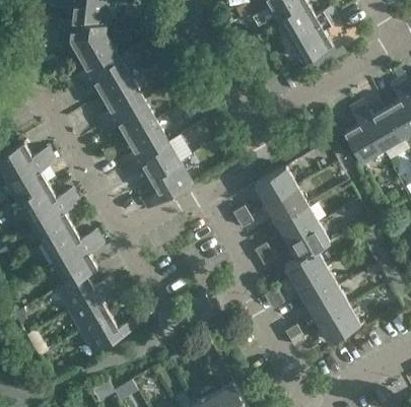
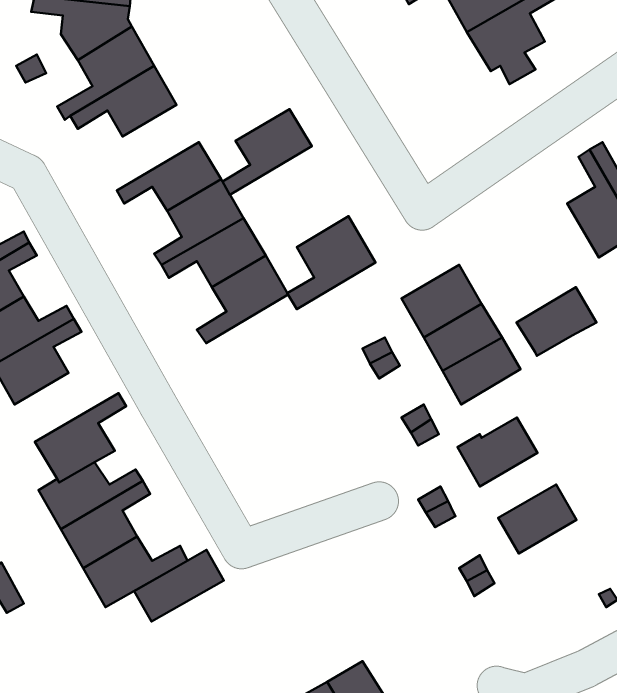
building: [94,80,143,127] -> [222,109,312,195]
building: none -> [287,216,376,309]
building: [286,224,330,262] -> [516,287,596,356]
building: [43,226,99,264] -> none
building: [296,270,338,306] -> none
building: [318,307,359,343] -> none
building: none -> [134,550,224,621]

